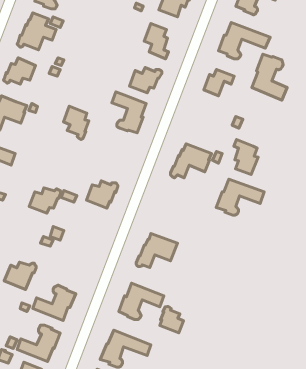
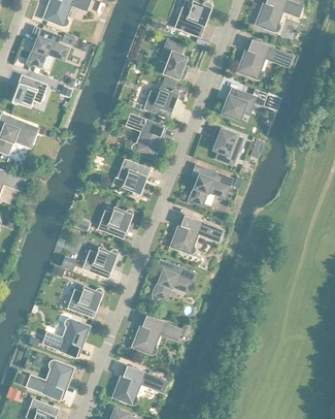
building: [252,54,287,100] -> none
building: [63,106,89,139] -> [119,160,145,195]
building: [234,139,258,175] -> [213,127,239,164]
building: [216,179,264,215] -> [171,216,222,254]
building: [29,188,60,213] -> [83,248,116,275]
building: [4,262,36,289] -> [68,287,102,316]
building: [160,306,184,333] -> none

